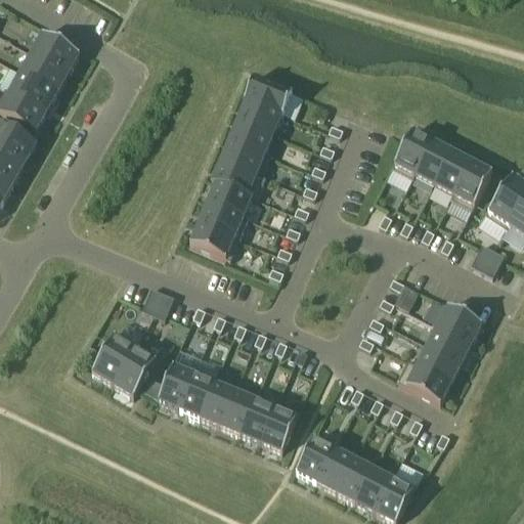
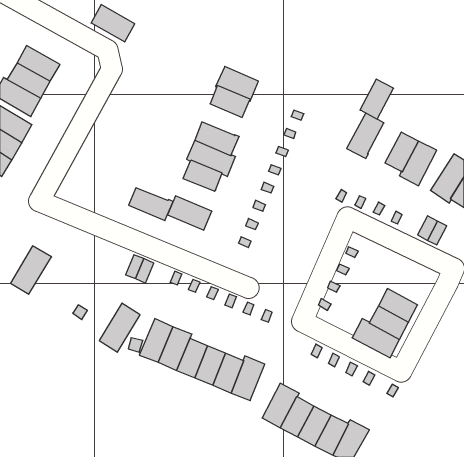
building: [30,31,79,73] -> [91,5,135,42]
building: [227,117,272,152] -> none
building: [413,138,451,183] -> [360,79,394,119]
building: [198,201,248,237] -> [129,188,173,221]
building: [430,302,481,343] -> none
building: [91,329,137,383] -> [11,246,52,294]

